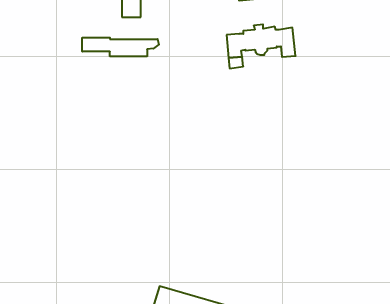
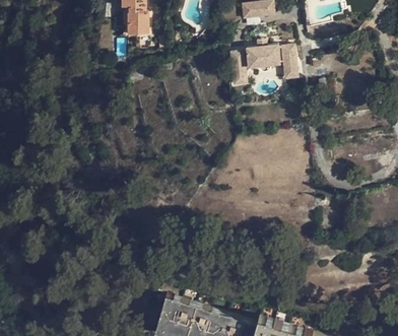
building: [82,38,159,56] -> none

